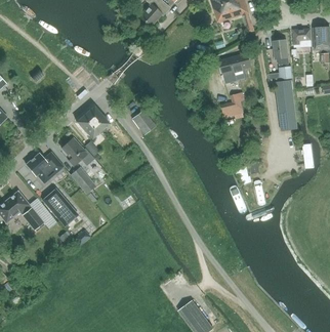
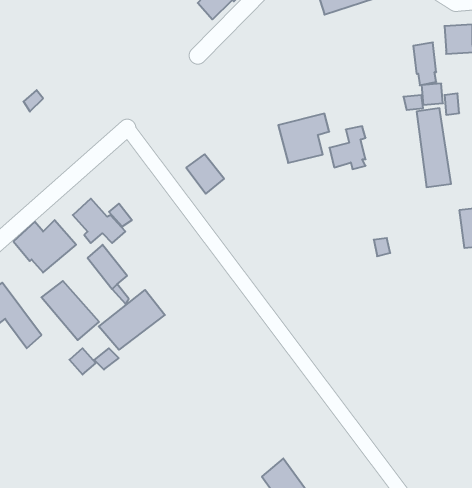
building: [219,53,251,84] -> [278,114,329,163]
building: [77,103,110,136] -> none
building: none -> [99,290,165,350]

